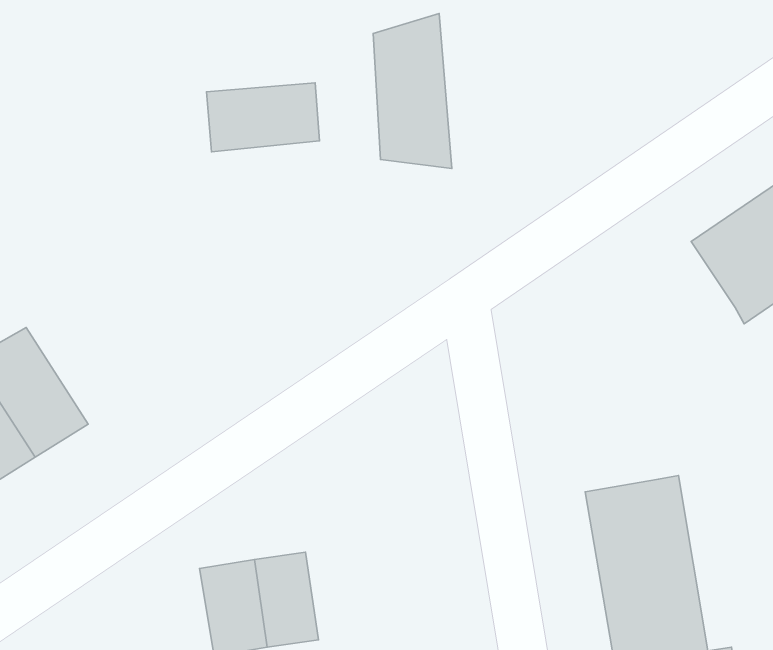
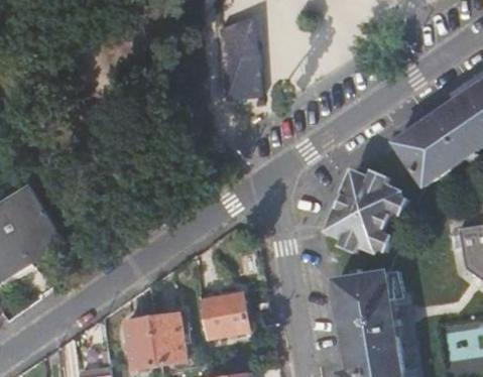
building: [207,83,320,152] -> none
building: none -> [327,169,408,255]
building: none -> [201,292,249,338]

